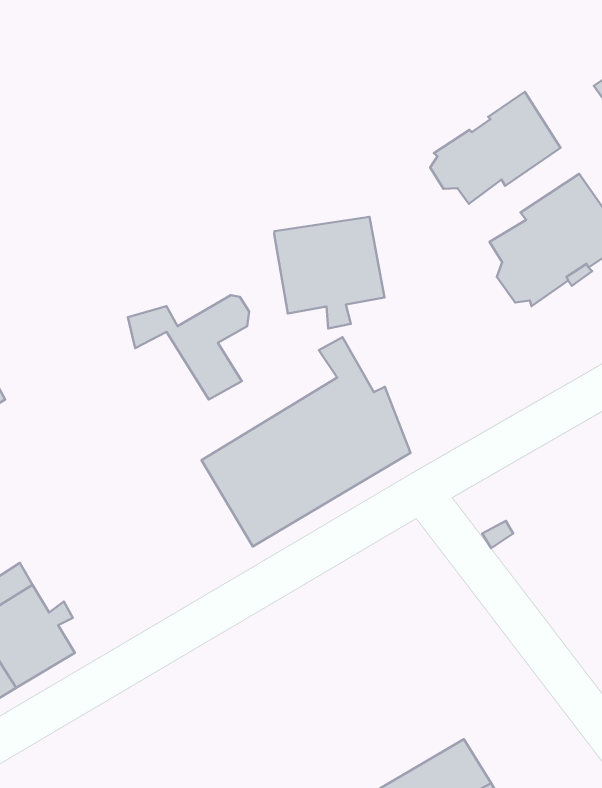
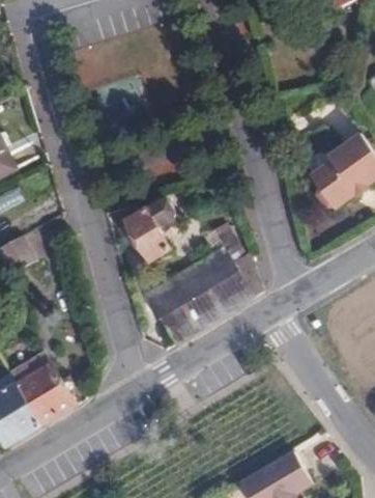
building: [430,92,561,204] -> none
building: [274,217,384,329] -> none

